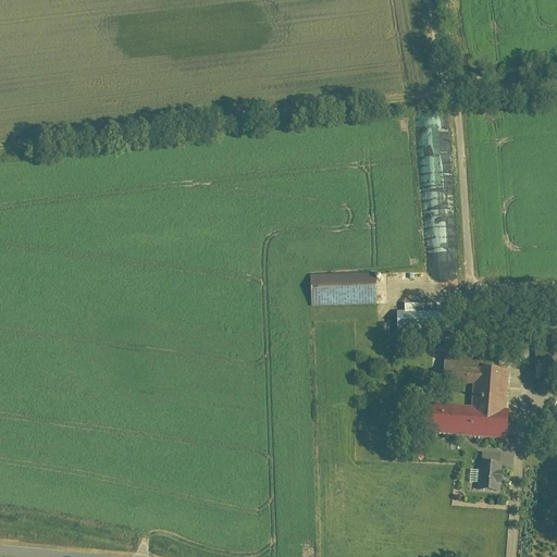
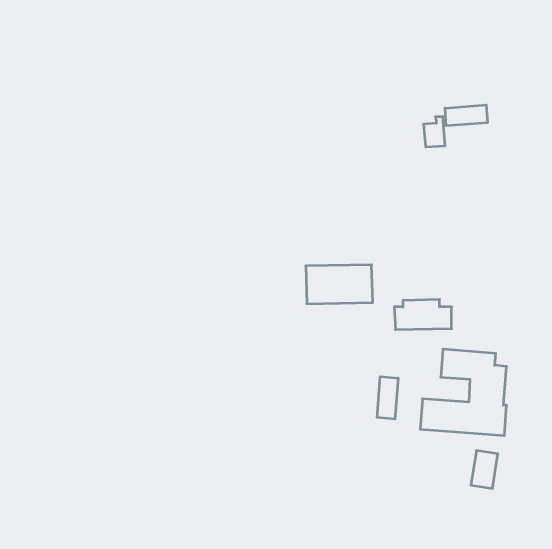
building: none -> [445,105,487,126]
building: none -> [377,377,398,419]

